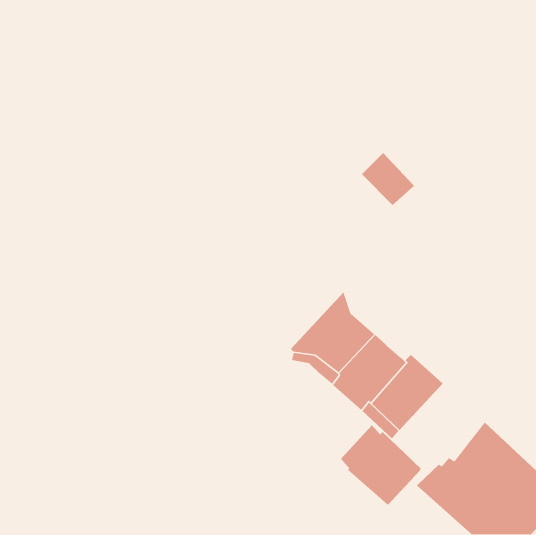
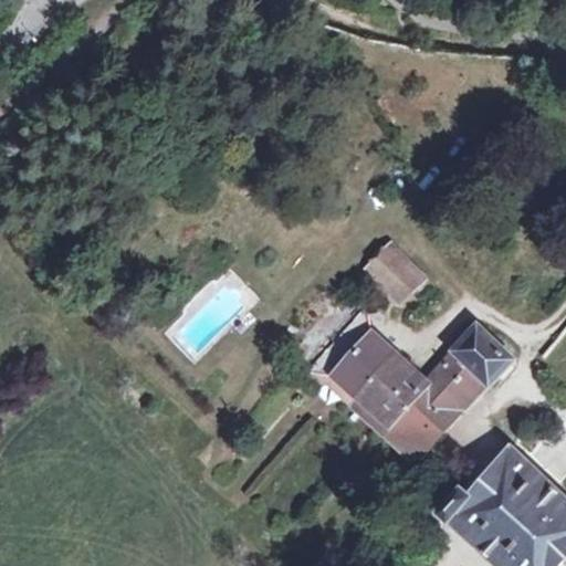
building: [361,152,415,206] -> [368,243,424,300]
building: none -> [433,325,514,405]
building: [340,425,422,506] -> none

